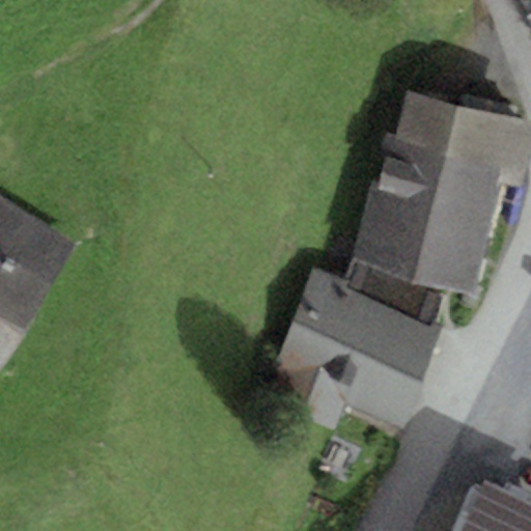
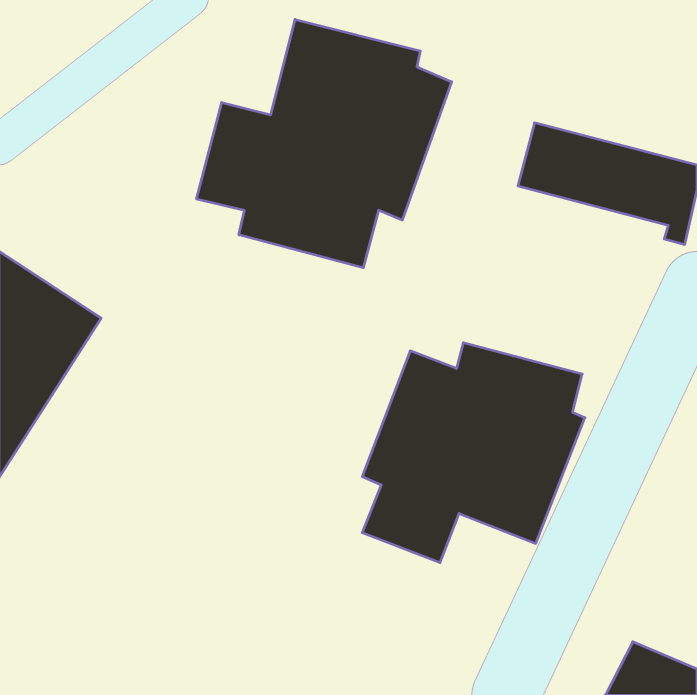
building: none -> [197,19,452,268]
building: [352,139,507,292] -> none

